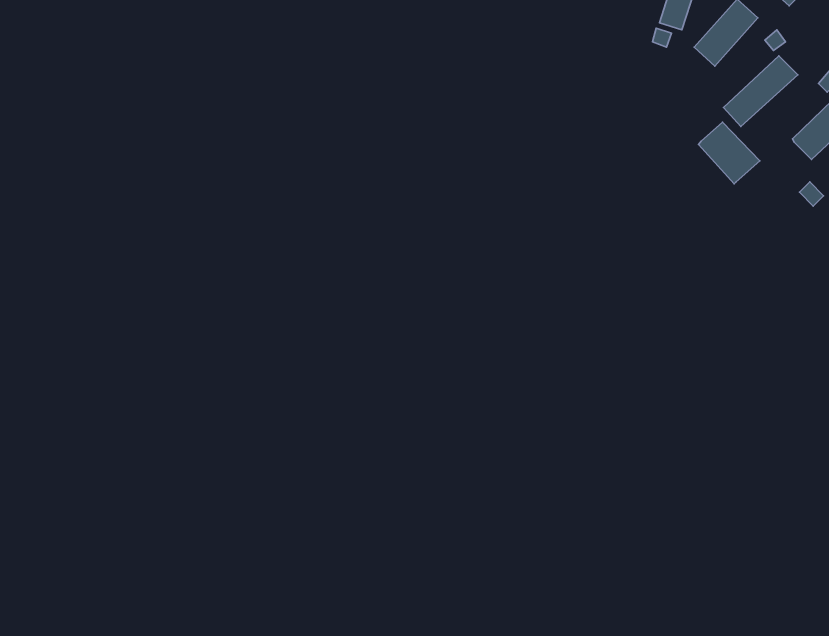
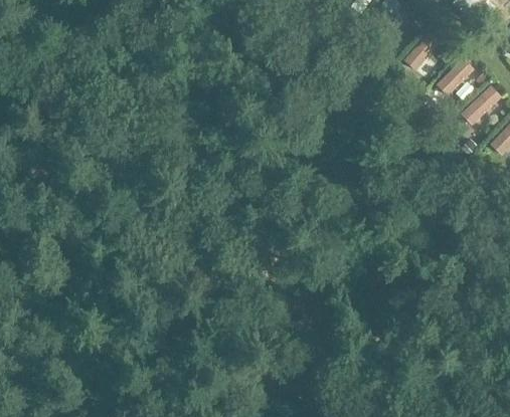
building: [699,122,760,184] -> none

